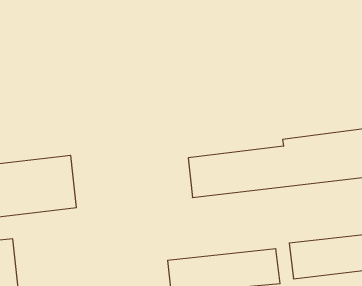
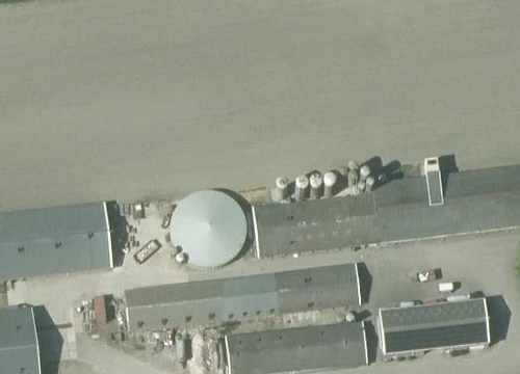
building: none -> [168,193,243,268]
building: none -> [123,262,360,331]

